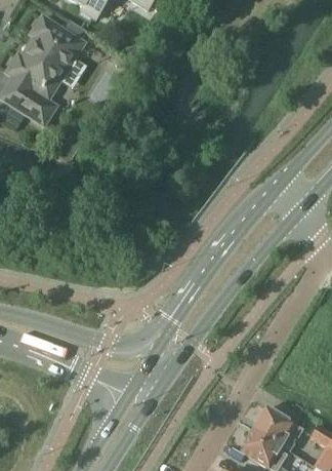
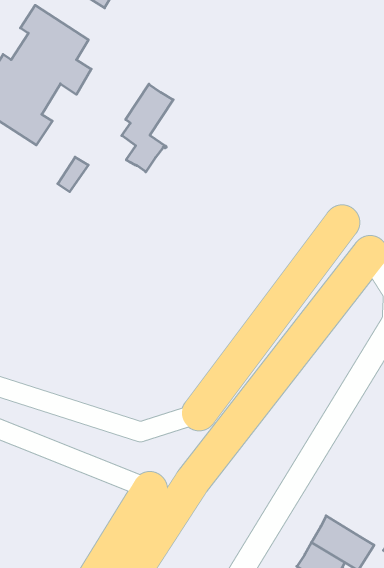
building: none -> [122,84,173,172]

